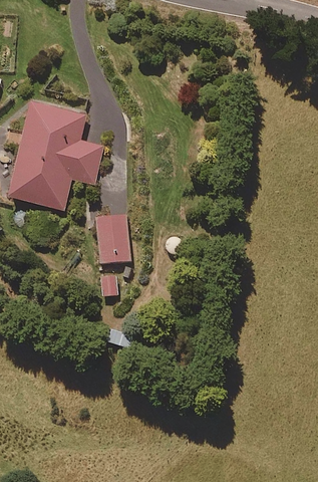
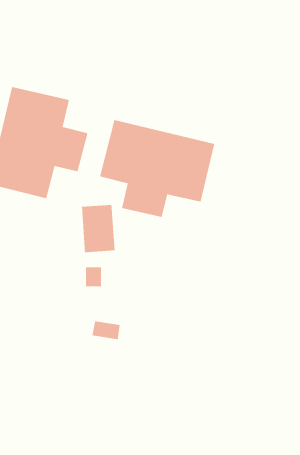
building: none -> [99,119,215,218]

